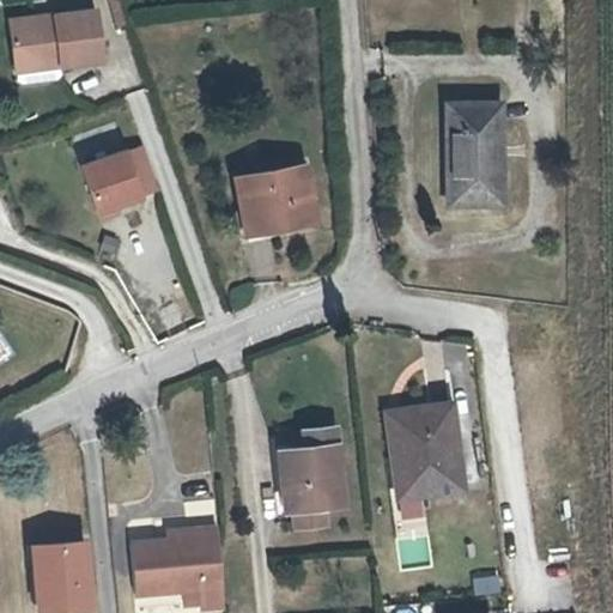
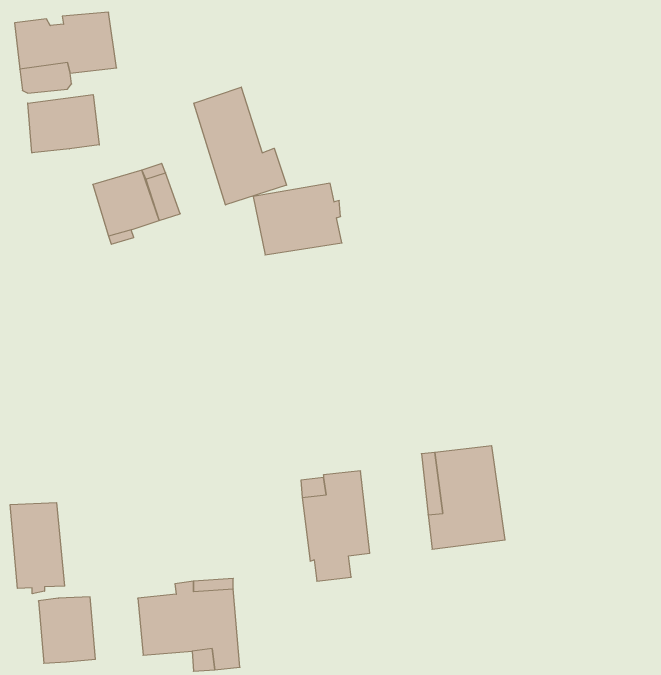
building: none -> [194,87,287,205]
building: none -> [28,95,99,153]
building: [444,110,499,211] -> none
building: none -> [10,503,65,594]

